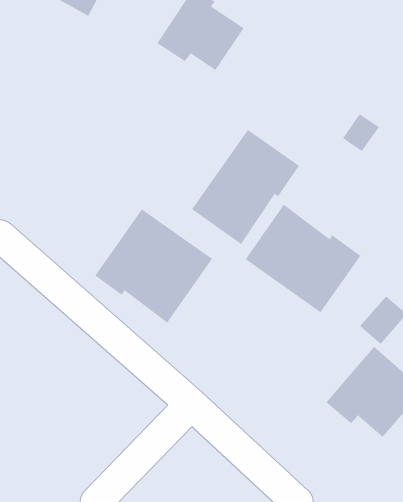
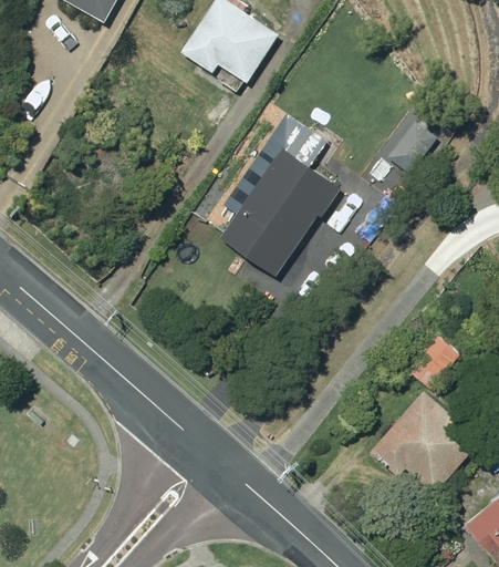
building: [245,204,361,313] -> none
building: [94,209,213,324] -> none

